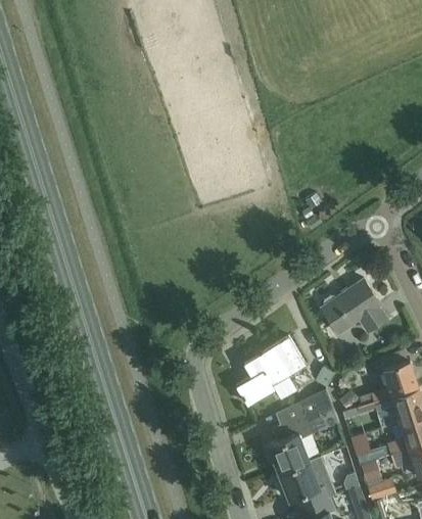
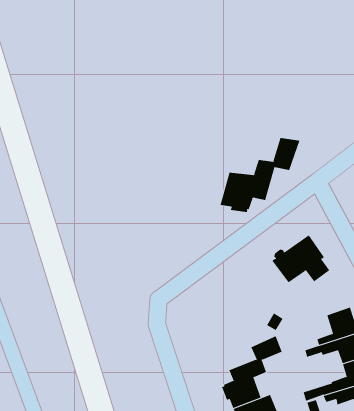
building: none -> [220,137,300,213]
building: [237,337,306,406] -> none

